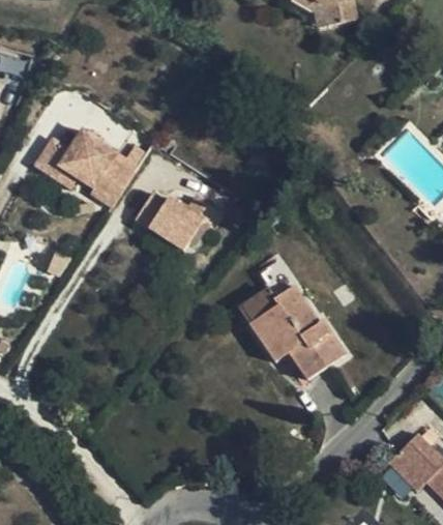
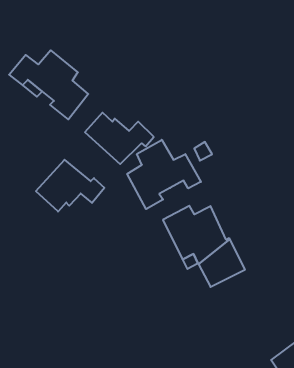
building: none -> [127,140,201,209]
building: none -> [36,160,104,212]

